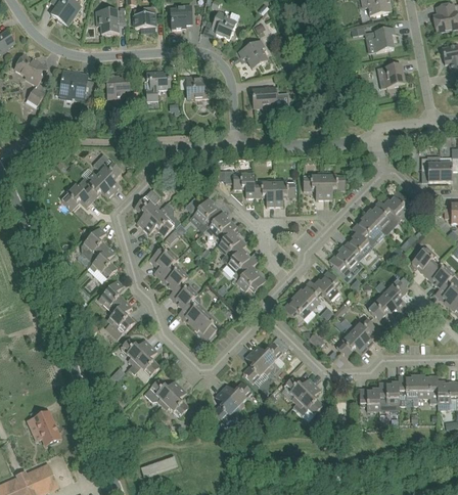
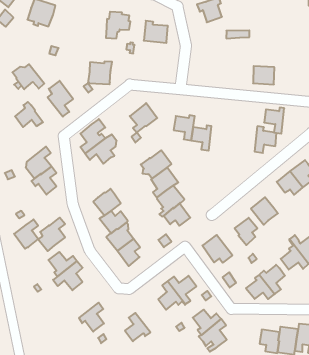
building: [105,73,130,99] -> [88,62,112,84]
building: [251,87,276,107] -> [253,66,274,84]
building: [303,172,323,199] -> [264,108,284,134]
building: [77,174,112,201] -> [12,64,44,89]
building: [273,179,294,206] -> none
building: [193,198,223,231] -> [130,103,157,132]
building: [341,232,371,257] -> none
building: [149,249,179,278] -> none
building: [98,280,125,313] -> [14,219,38,249]
building: [295,280,320,310] -> none
building: [144,378,180,405] -> none
building: [221,381,251,409] -> none

